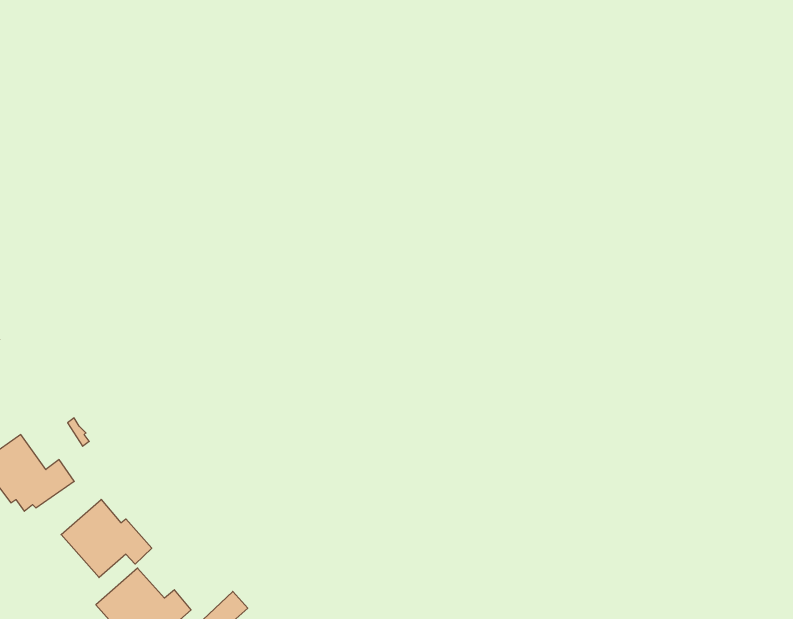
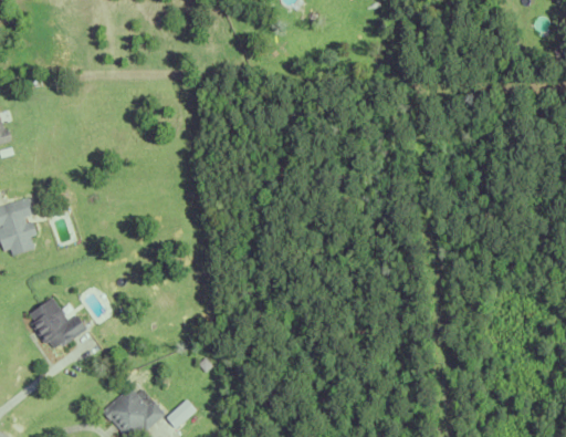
building: [61,499,152,578] -> none

